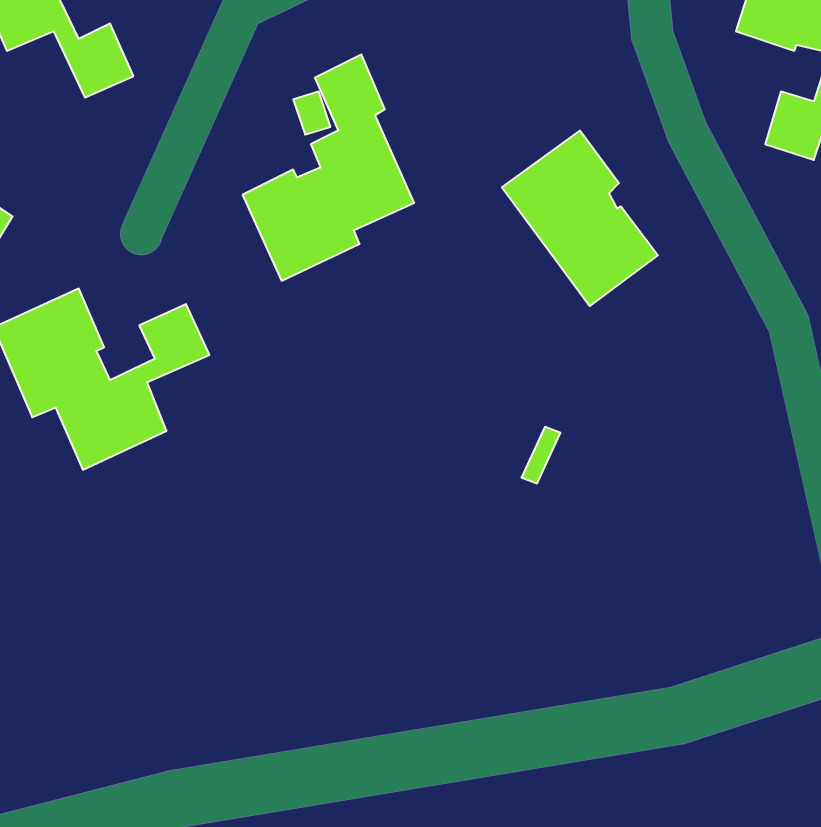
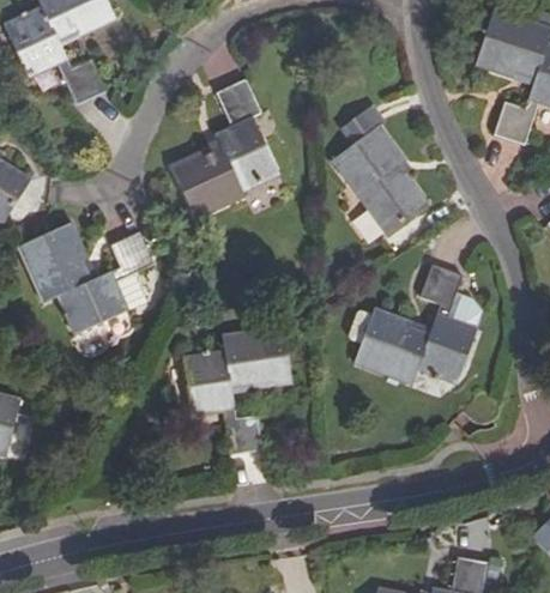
building: none -> [355,266,482,382]
building: none -> [185,327,292,453]

